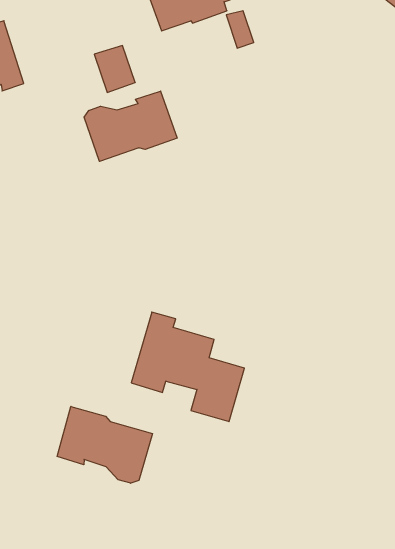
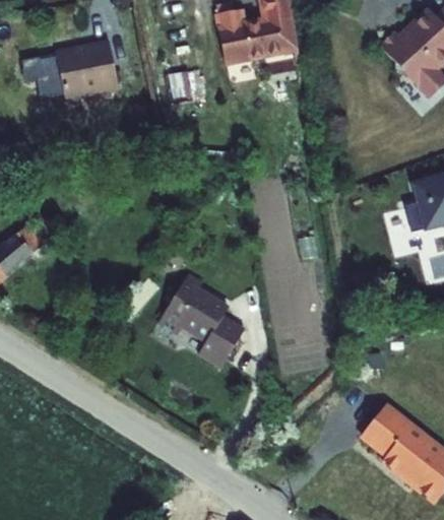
building: [84,91,177,161] -> none
building: [57,406,153,483] -> none

